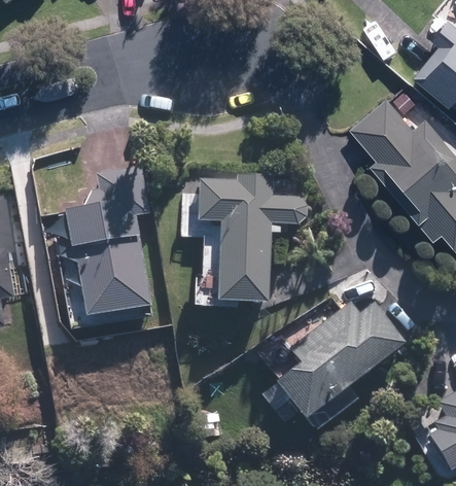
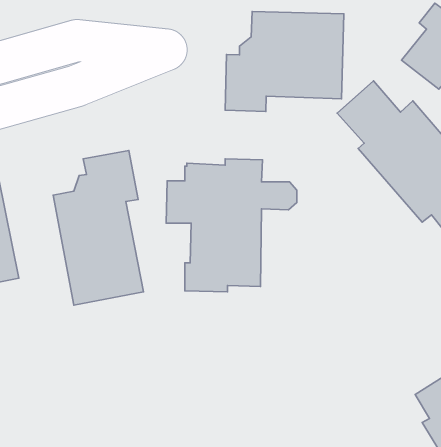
building: none -> [225,11,344,111]
building: [278,302,406,419] -> none

